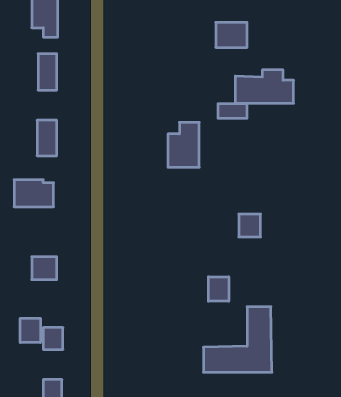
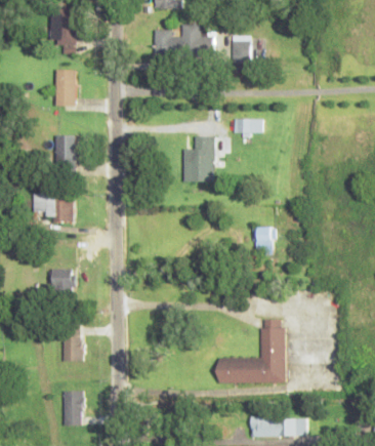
building: [235,70,294,103] -> [155,25,212,57]
building: [208,277,229,301] -> none
building: [20,318,40,343] -> none

